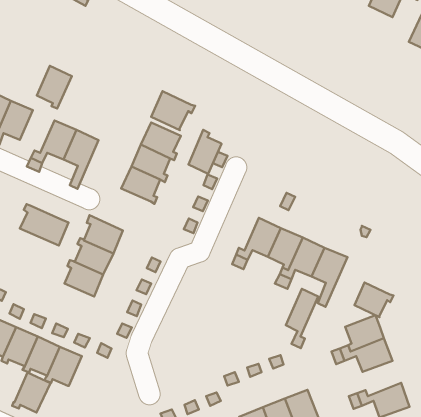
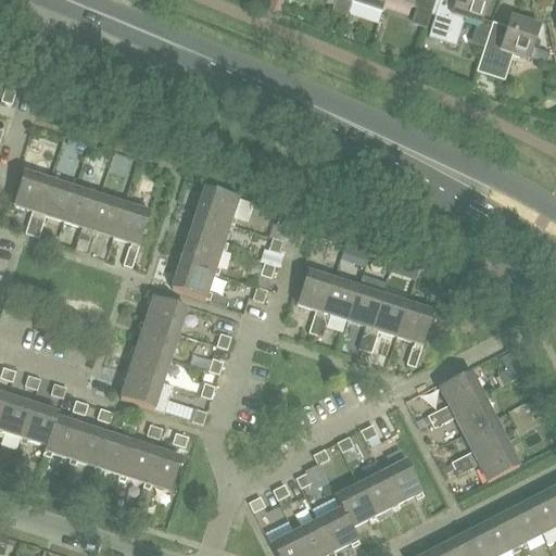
building: [37,66,72,109] -> [64,185,100,230]
building: [151,91,195,130] -> none
building: [189,130,221,174] -> none
building: none -> [173,260,214,298]
building: [20,204,68,246] -> [121,368,173,409]
building: none -> [298,268,333,313]
building: [354,282,393,317] -> none
building: [286,289,318,348] -> none
building: none -> [464,416,507,457]
building: [12,373,50,413] -> [143,446,182,489]

